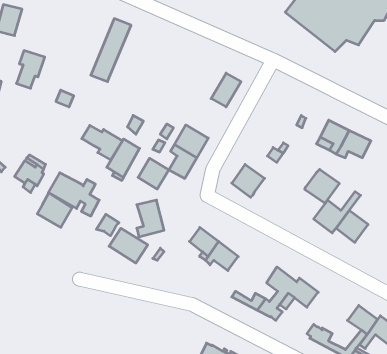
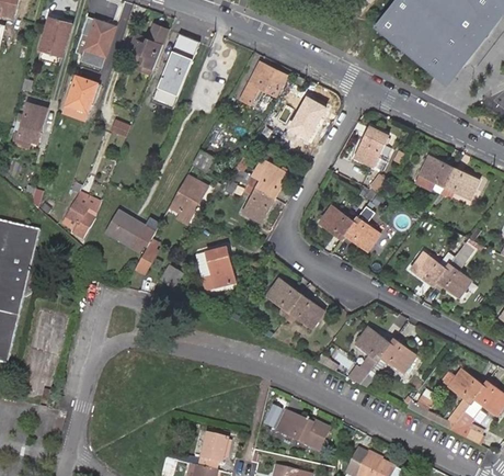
building: none -> [131,20,170,68]
building: none -> [76,21,114,65]
building: none -> [240,61,286,102]
building: none -> [350,124,386,163]
building: [82,125,123,160] -> none
building: [138,158,169,189] -> none
building: [305,169,339,203] -> [340,217,380,257]
building: [37,193,72,227] -> none
building: [109,228,148,263] -> none

